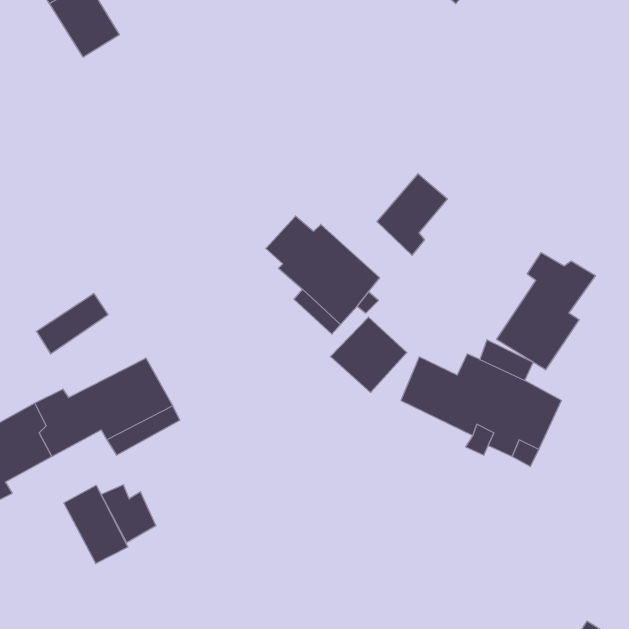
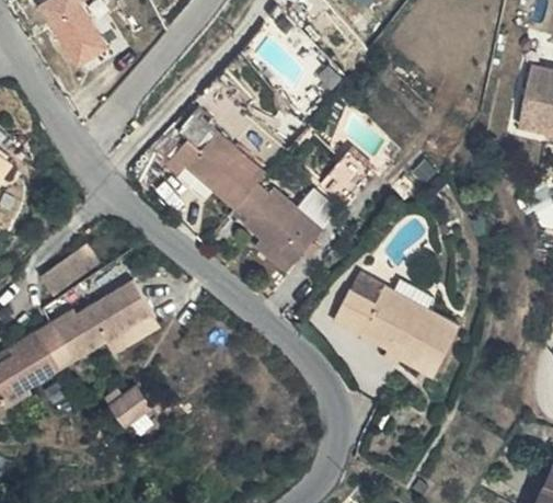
building: none -> [158,96,258,204]
building: [497,253,596,370] -> none
building: [330,317,407,393] -> none
building: [64,485,128,564] -> none

